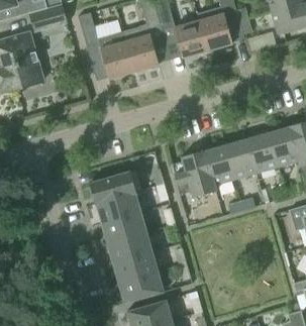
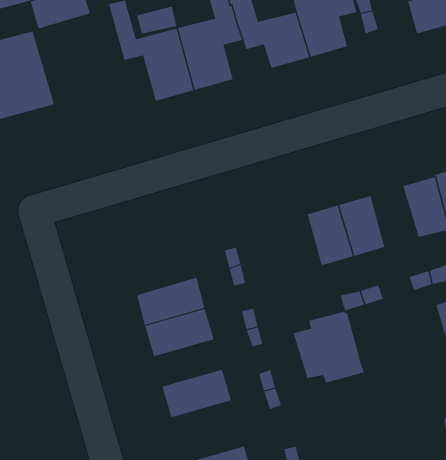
building: [247,133,278,173] -> none
building: [171,150,217,197] -> [293,311,365,383]
building: [89,172,135,204] -> none
building: [107,232,151,262] -> none
building: [118,271,164,304] -> none

